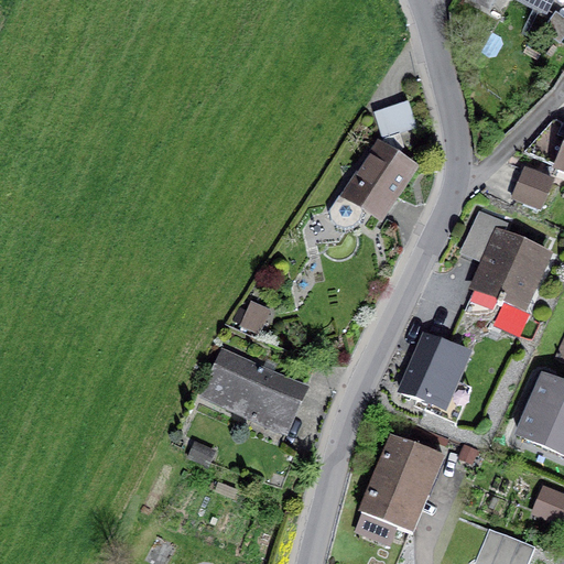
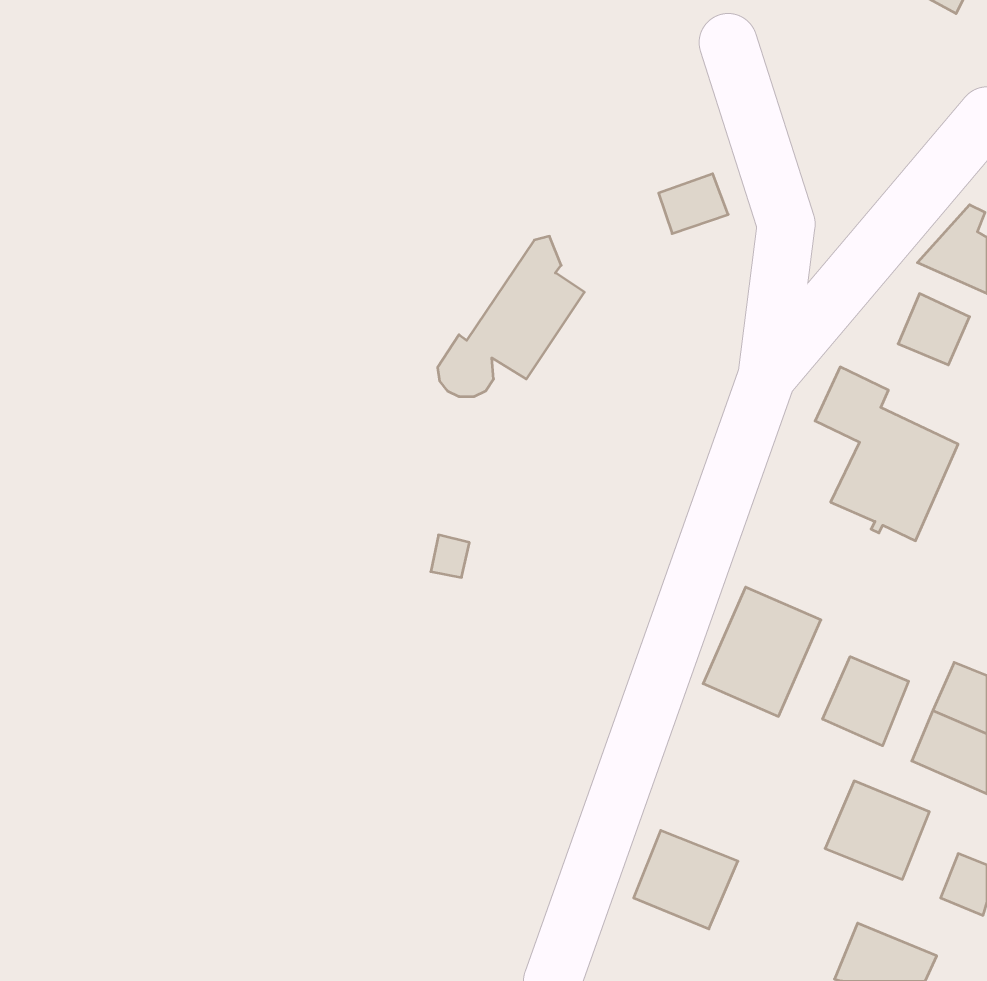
building: [329,134,413,226] -> [438,236,584,396]
building: [202,349,306,426] -> none
building: none -> [823,657,909,746]
building: [377,435,436,491] -> [825,781,929,879]

